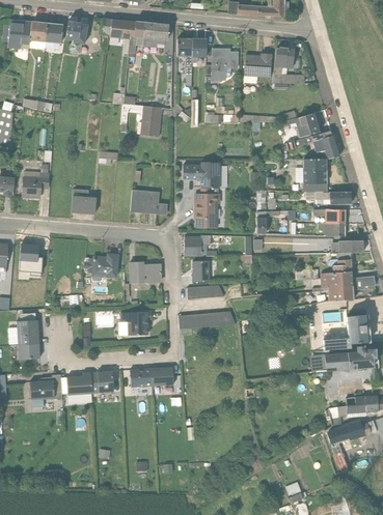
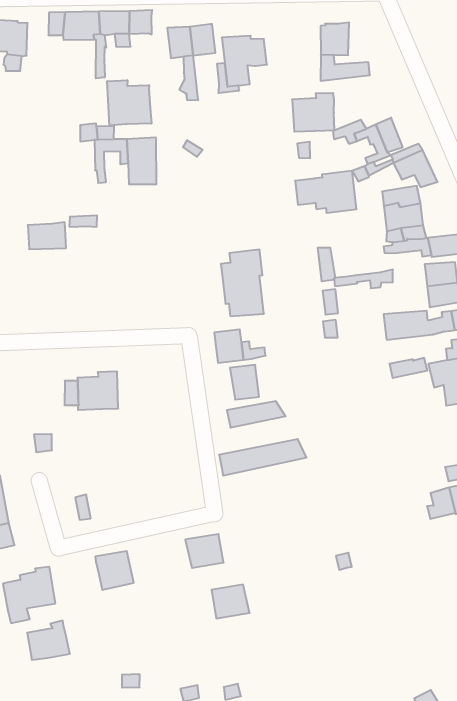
building: [244,53,272,78] -> [292,93,334,132]
building: none -> [107,80,151,125]
building: [183,162,220,187] -> [295,171,357,213]
building: [131,190,167,214] -> none
building: [72,196,97,213] -> [28,222,66,249]
building: [129,261,161,283] -> none
building: [120,311,148,335] -> none
building: [130,367,153,387] -> [211,585,250,618]
building: [67,371,93,394] -> [27,621,70,660]

